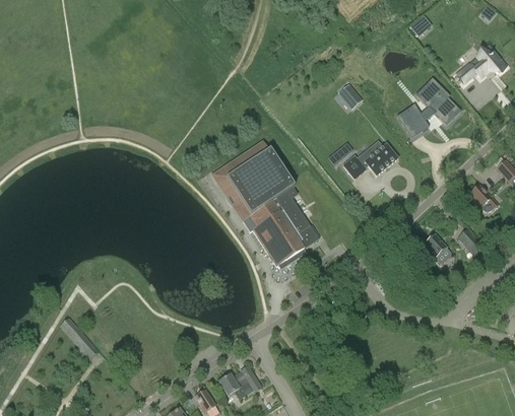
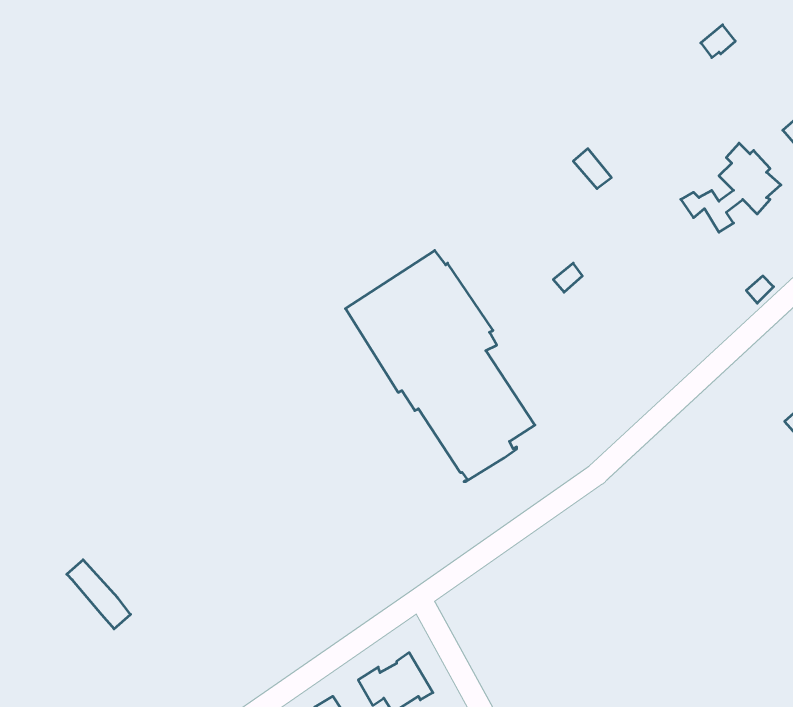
building: [342,141,398,179] -> none
building: [423,234,450,263] -> none

